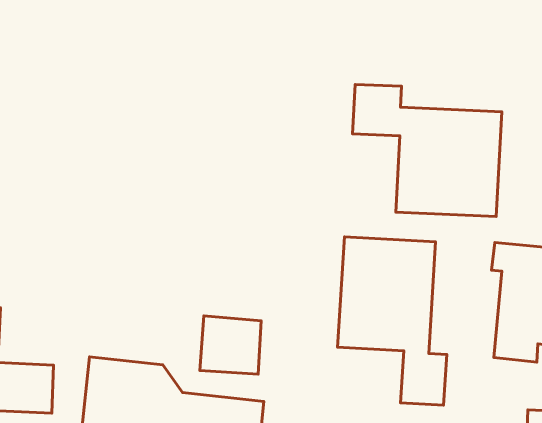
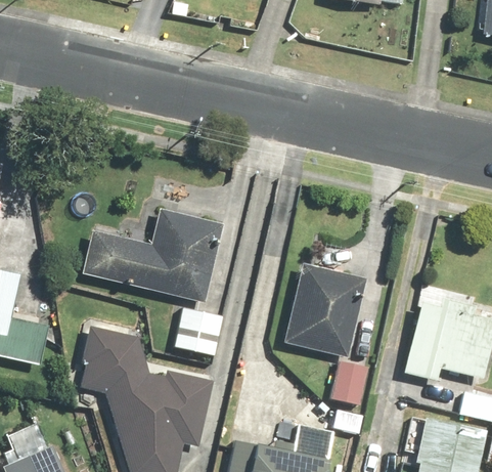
building: [353,85,502,216] -> none
building: none -> [84,208,222,301]

